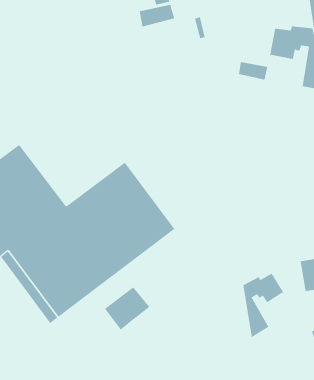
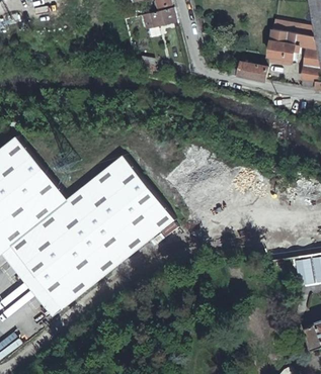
building: [243,273,284,338] -> none
building: [104,287,150,331] -> none

